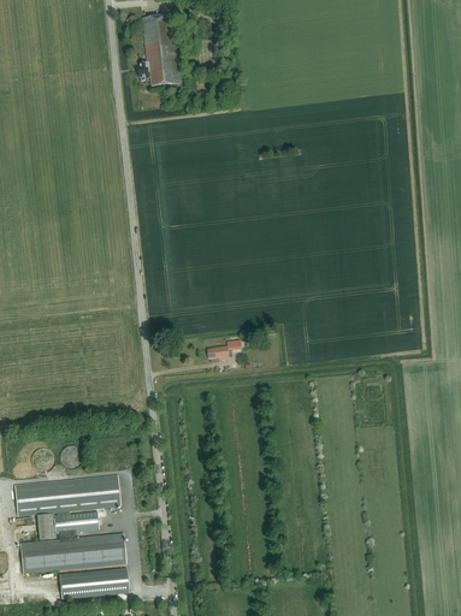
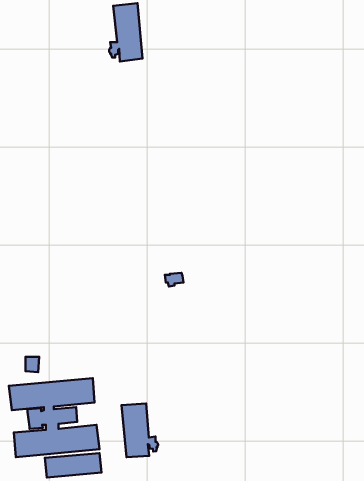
building: none -> [122,404,158,457]

